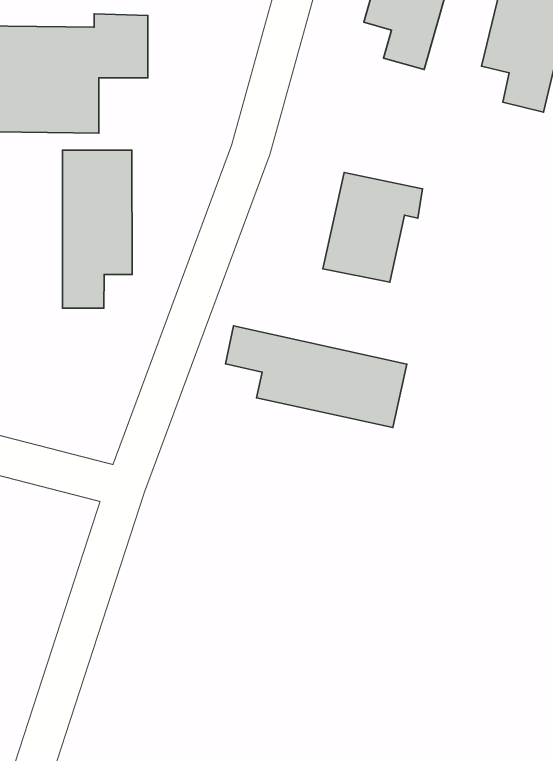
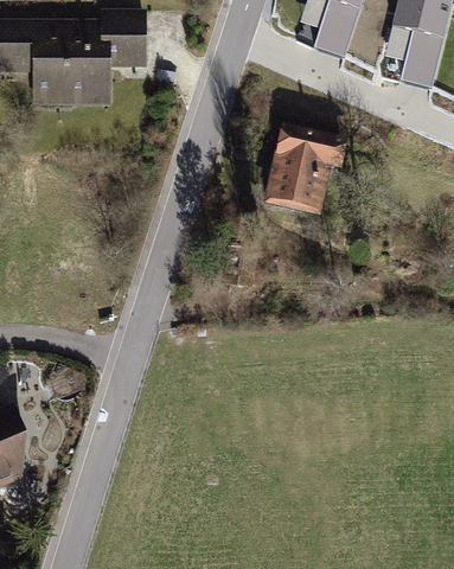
building: [62,150,132,308] -> none
building: [225,326,407,428] -> none

